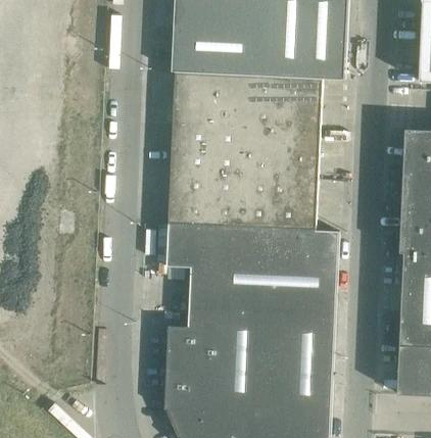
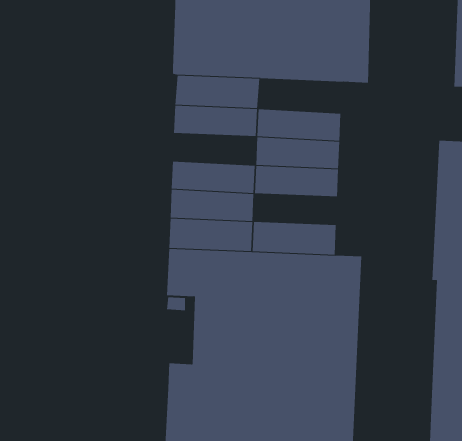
building: [247,76,323,106] -> none
building: [172,124,246,152] -> none
building: [243,177,318,204] -> none

